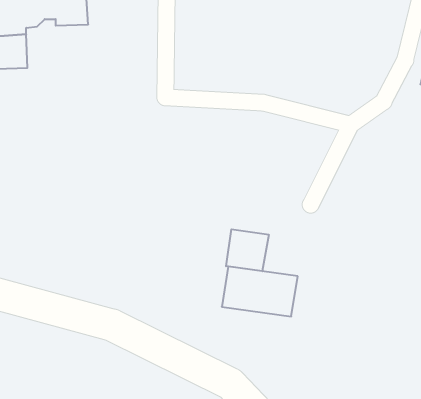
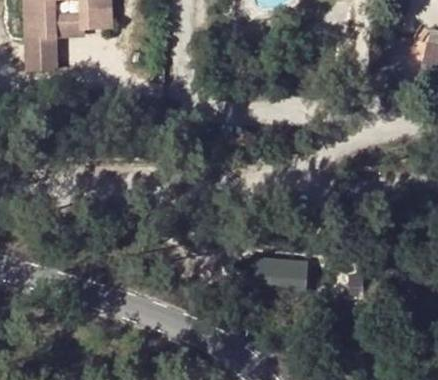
building: [226,229,269,271] -> none

